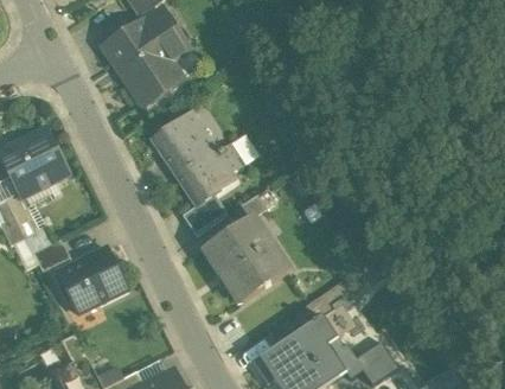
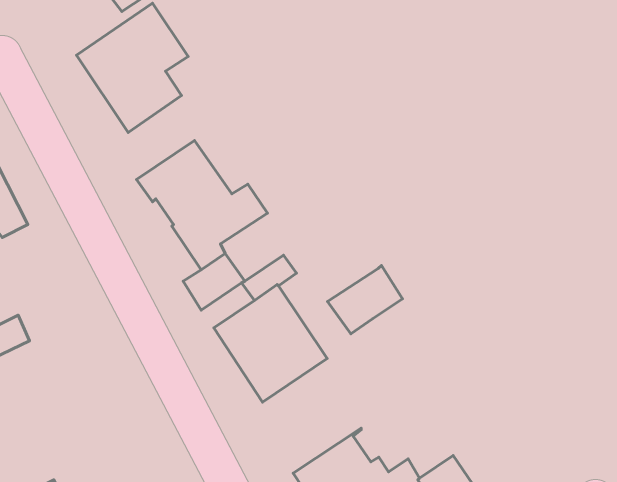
building: none -> [327,266,402,334]
building: [58,247,127,313] -> none

